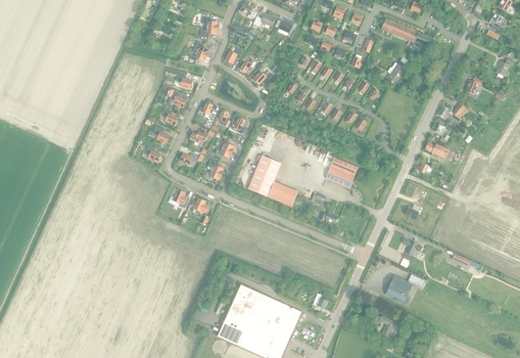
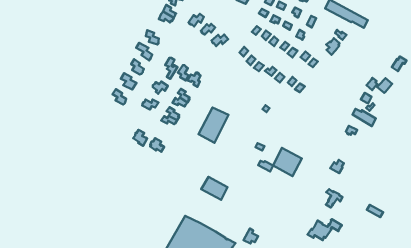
building: [326,156,359,188] -> [273,148,302,176]
building: [268,181,298,207] -> [201,177,228,200]

